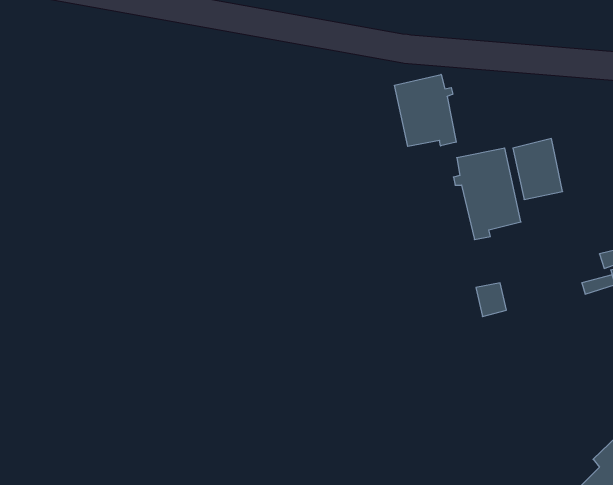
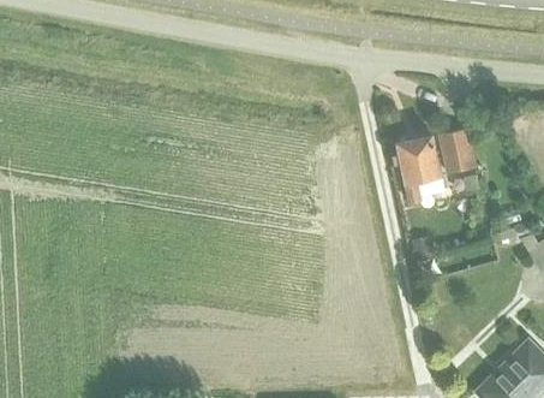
building: [395,74,456,146] -> none

